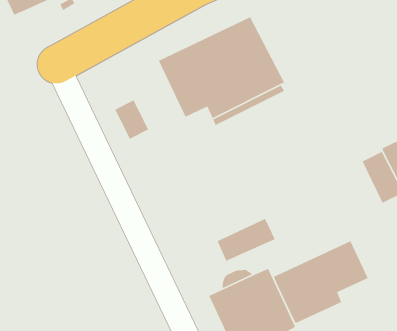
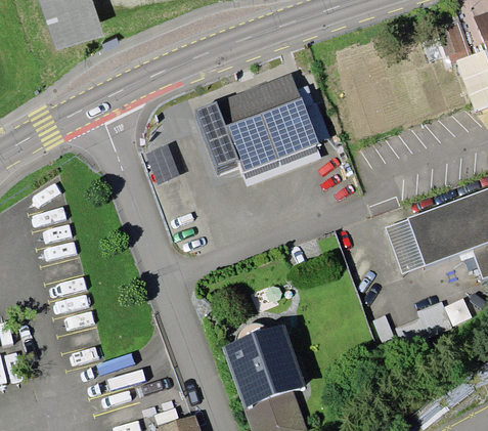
building: [216,218,276,262] -> none
building: [273,240,369,324] -> none

